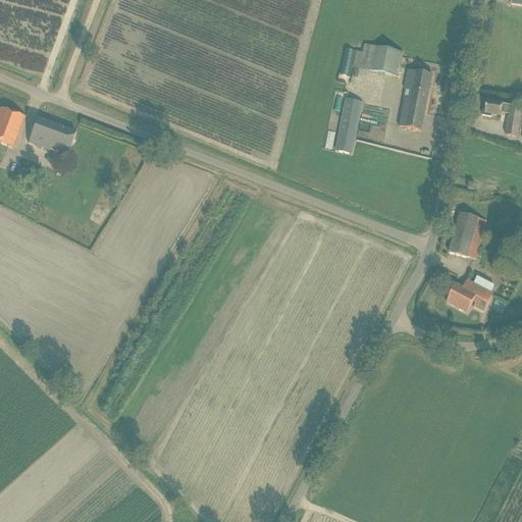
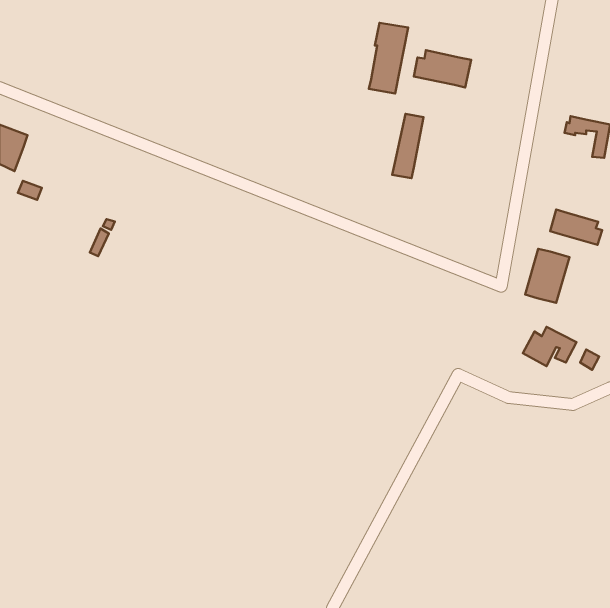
building: [398,68,431,128] -> [369,23,408,93]
building: [27,115,75,155] -> none
building: none -> [550,210,602,245]

